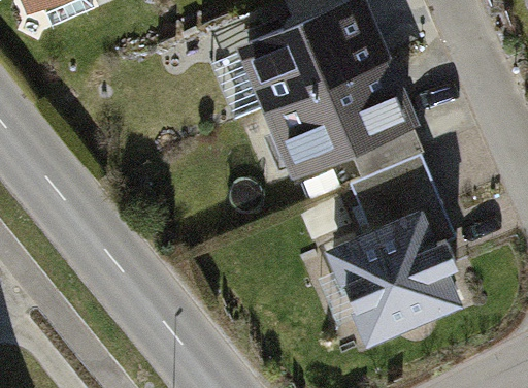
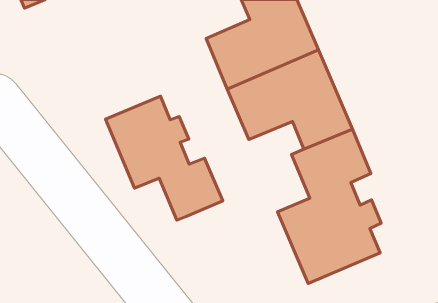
building: none -> [106,96,223,220]

